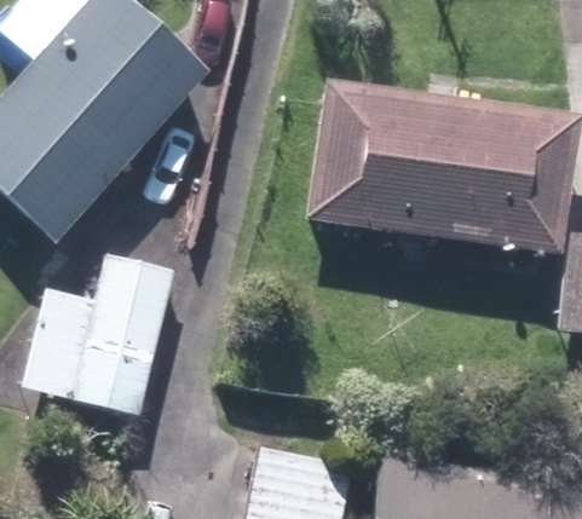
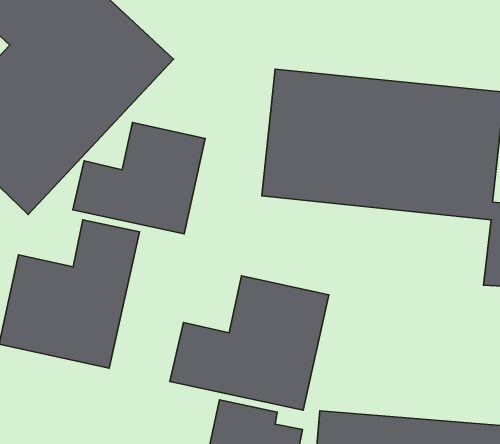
building: none -> [73,122,205,234]
building: none -> [170,276,329,410]

